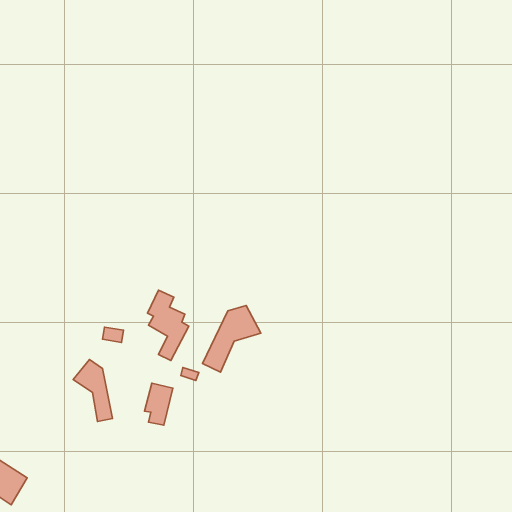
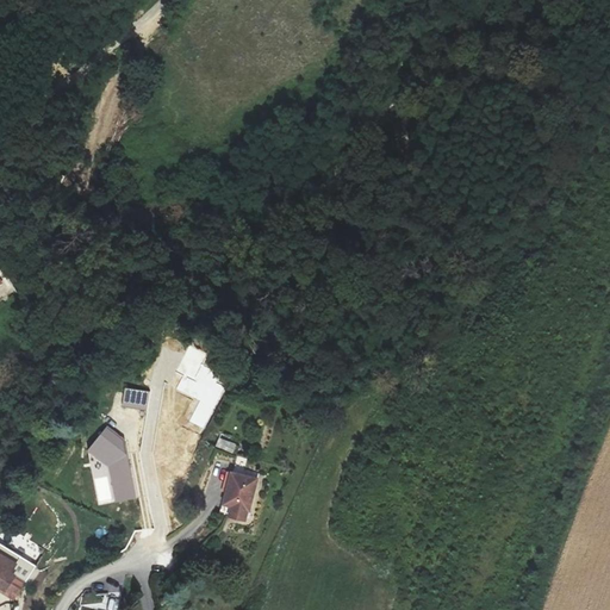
building: [203,305,261,372] -> none
building: [145,383,173,425] -> [222,469,255,519]

